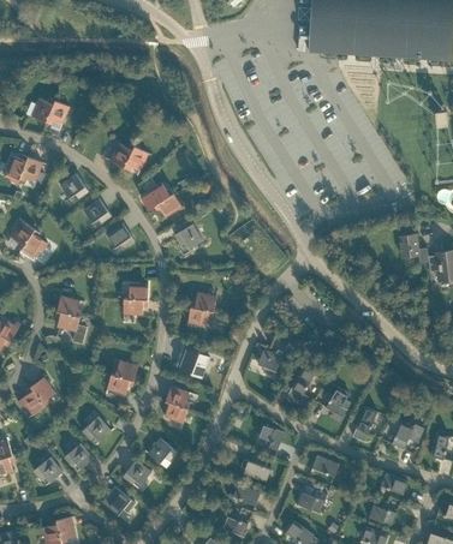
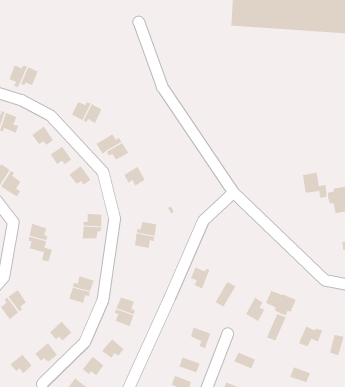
building: [177,348,209,378] -> none
building: none -> [265,290,297,316]

